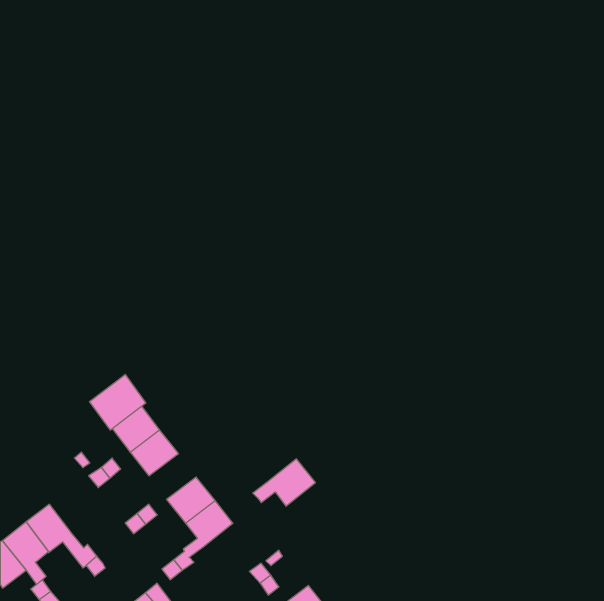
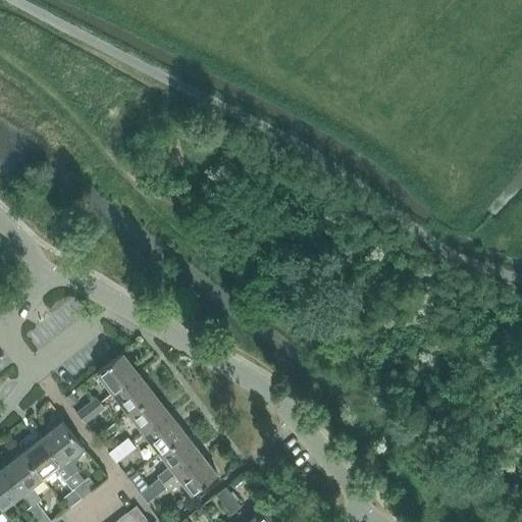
building: [90,374,146,430] -> none
building: none -> [128,394,169,433]
building: [253,459,315,506] -> [163,454,217,494]
building: none -> [43,421,86,475]

